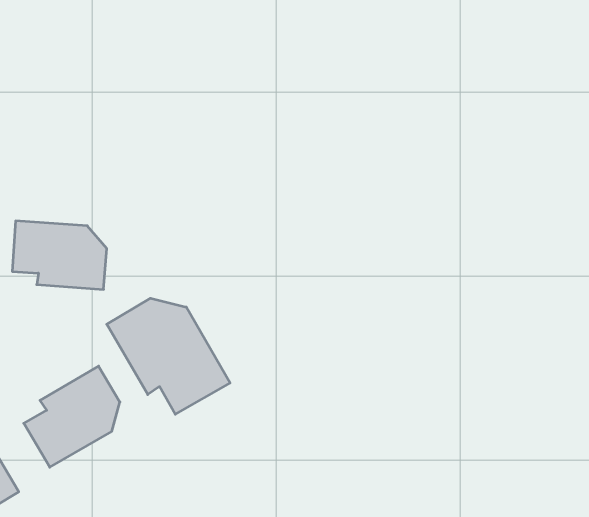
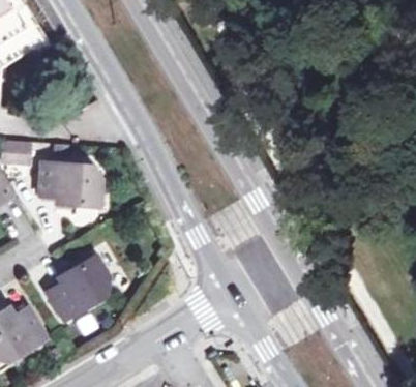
building: [107,298,230,414] -> none

